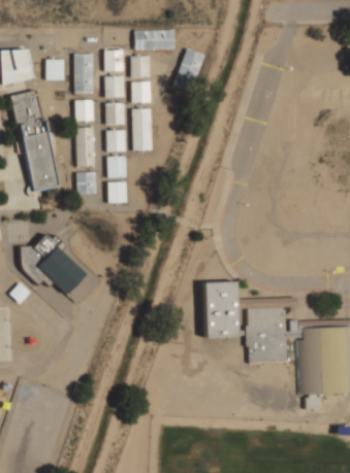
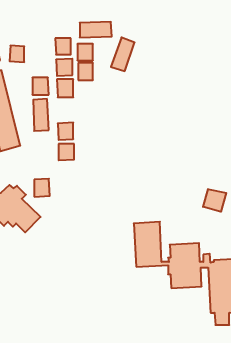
building: [73,54,93,93] -> none
building: [132,108,152,150] -> none
building: [106,130,126,150] -> none
building: [76,171,96,194] -> [34,179,50,197]
building: none -> [203,189,226,212]

